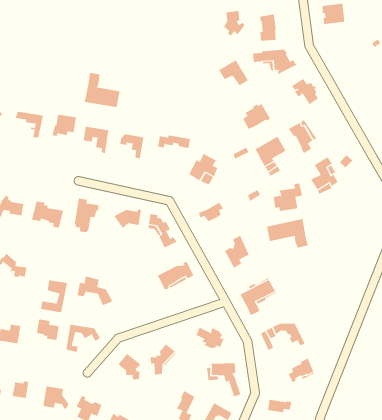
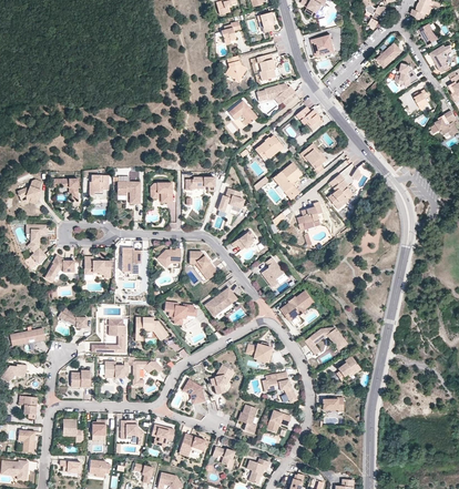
building: [84,72,120,108] -> none
building: [267,218,309,248] -> none
building: none -> [164,302,197,326]

